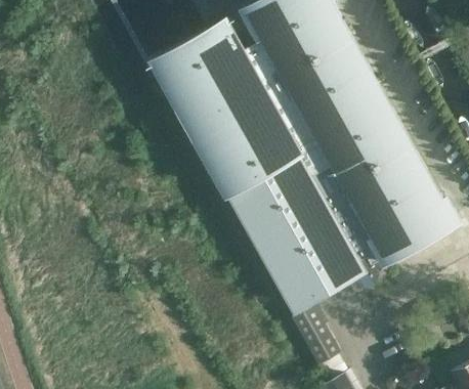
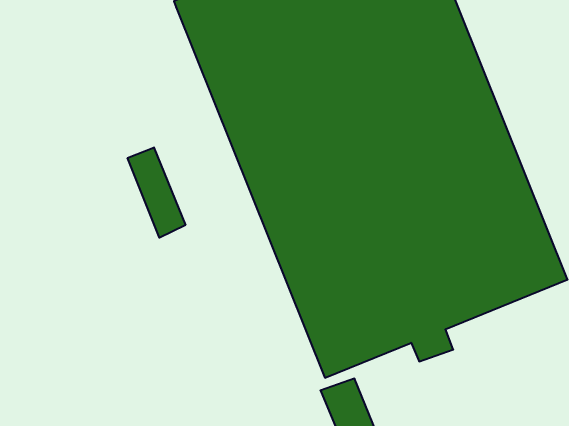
building: none -> [128,147,185,238]

